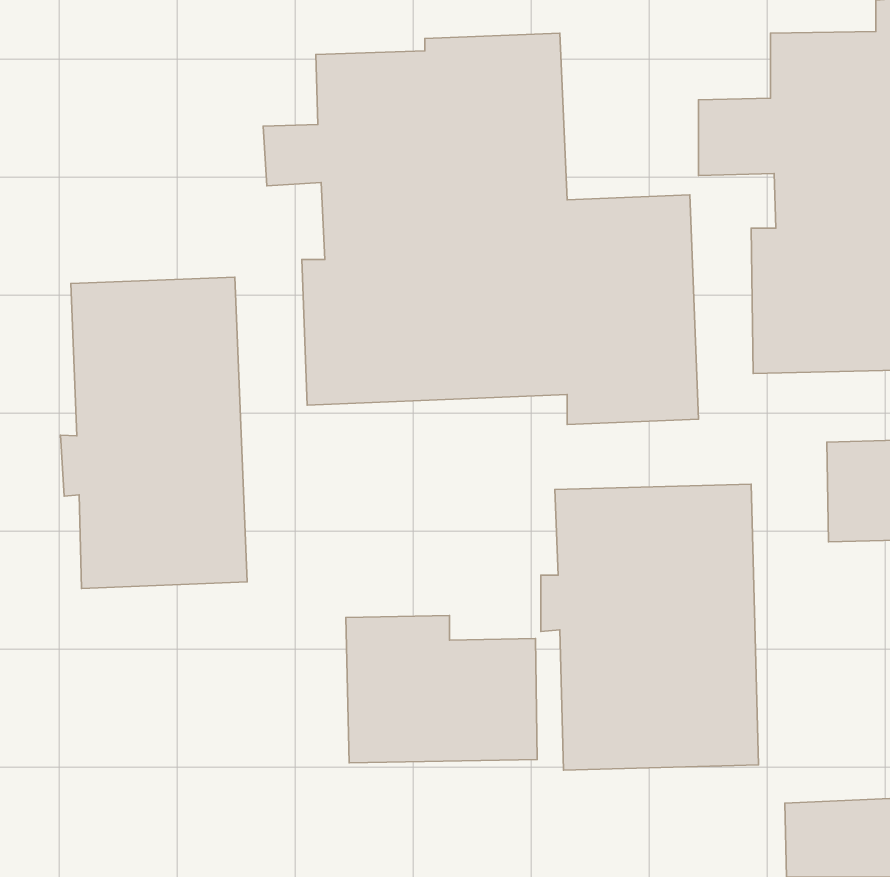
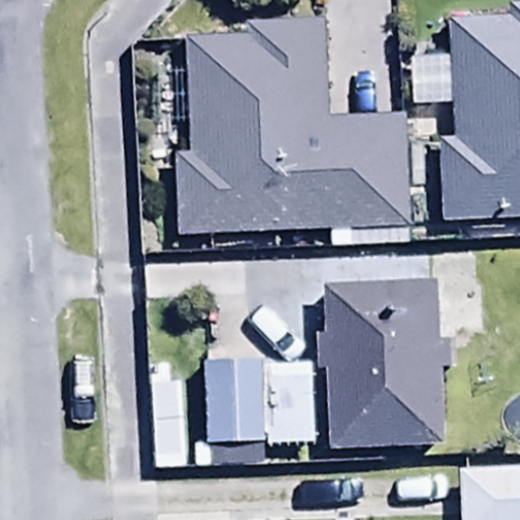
building: [61,277,247,588] -> none

